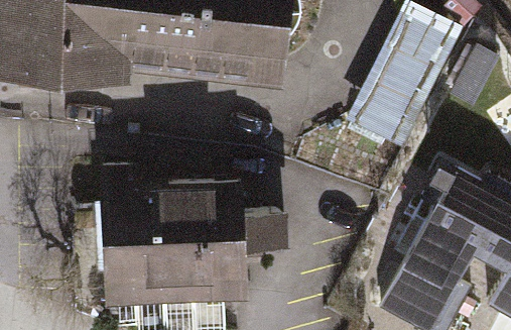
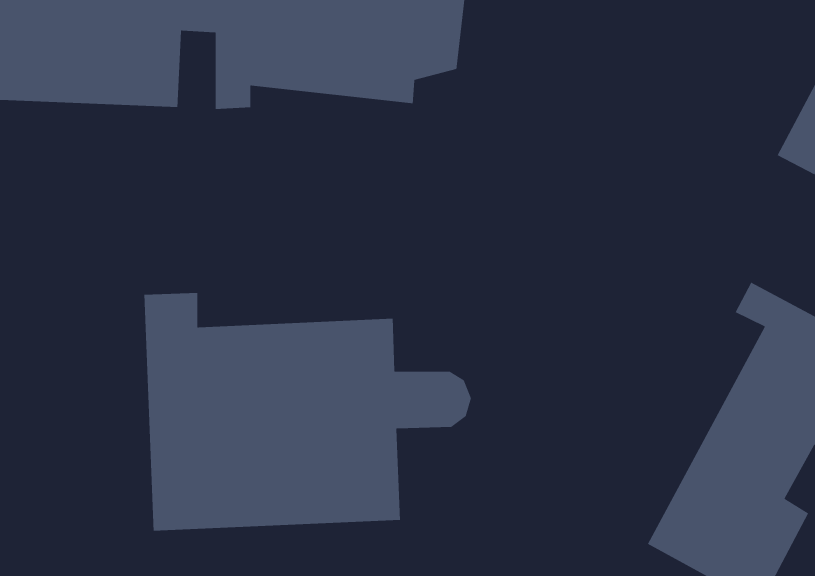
building: [340,22,453,157] -> none

